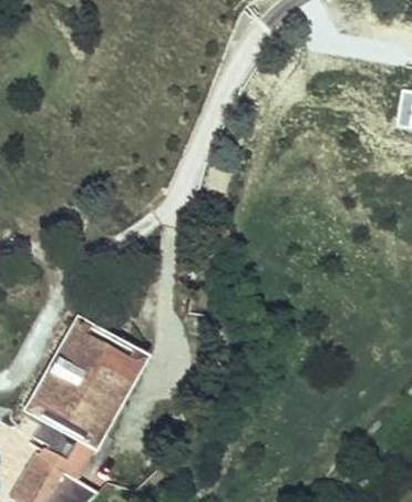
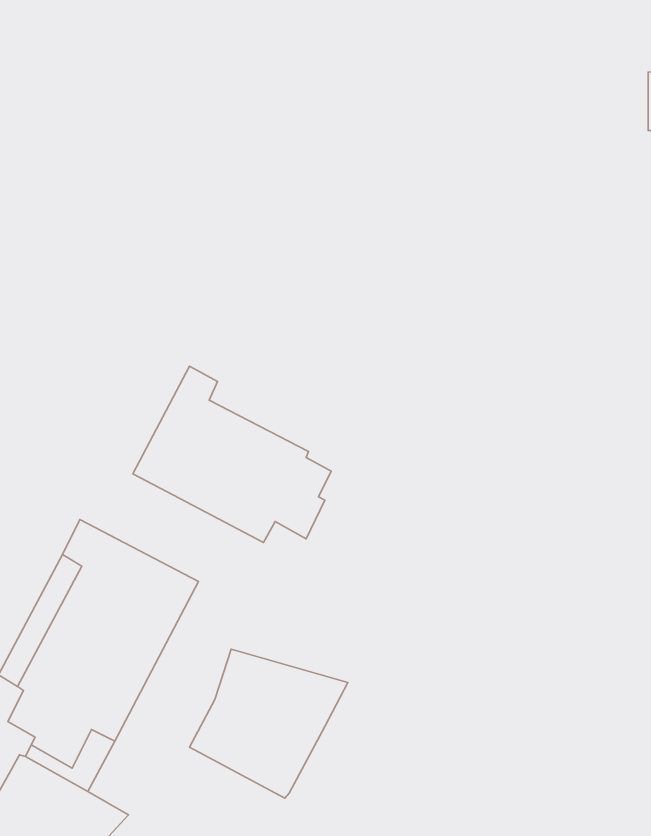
building: none -> [133,366,331,542]
building: none -> [189,649,348,798]

